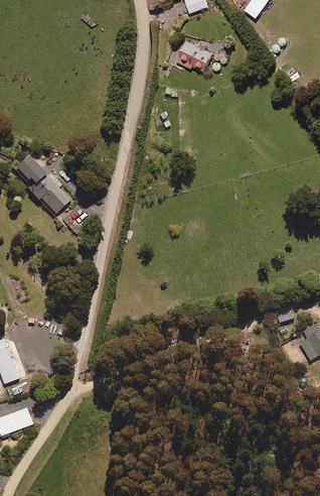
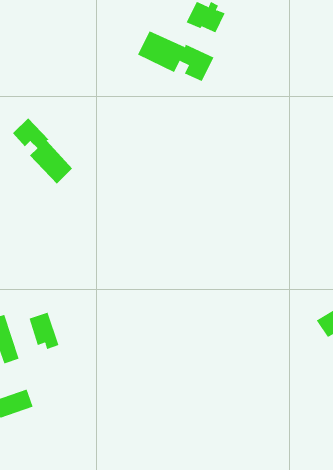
building: none -> [137,31,214,82]
building: none -> [29,312,59,350]

